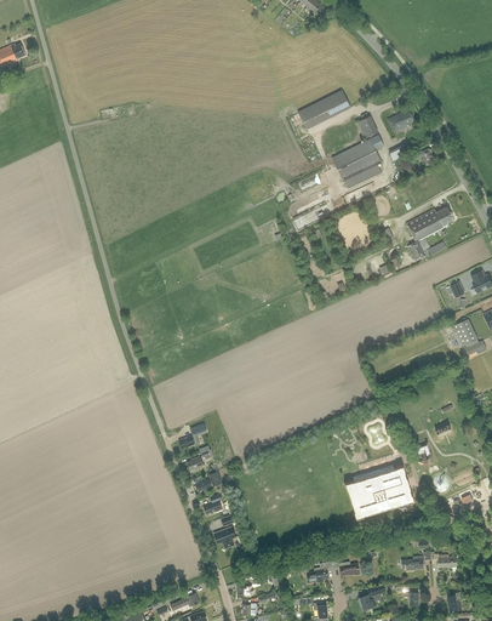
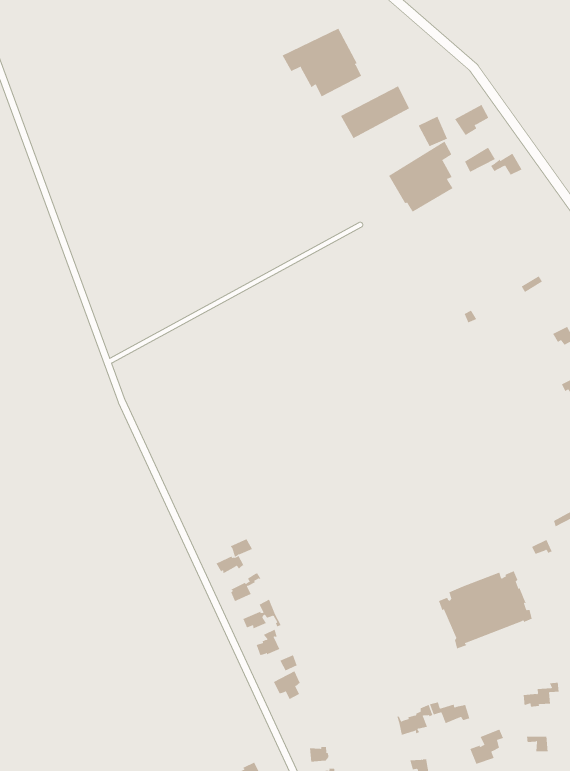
building: none -> [282,28,362,97]
building: [407,207,452,260] -> none

